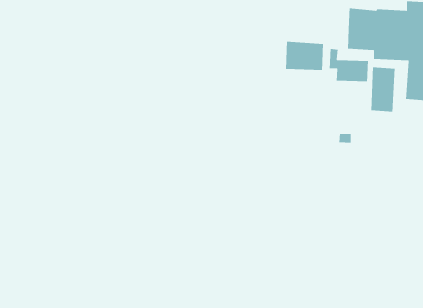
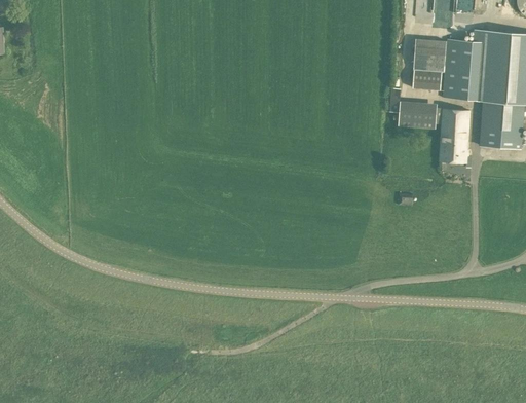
building: [285,41,324,71] -> none

